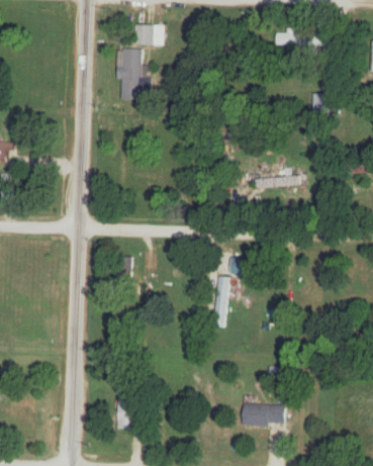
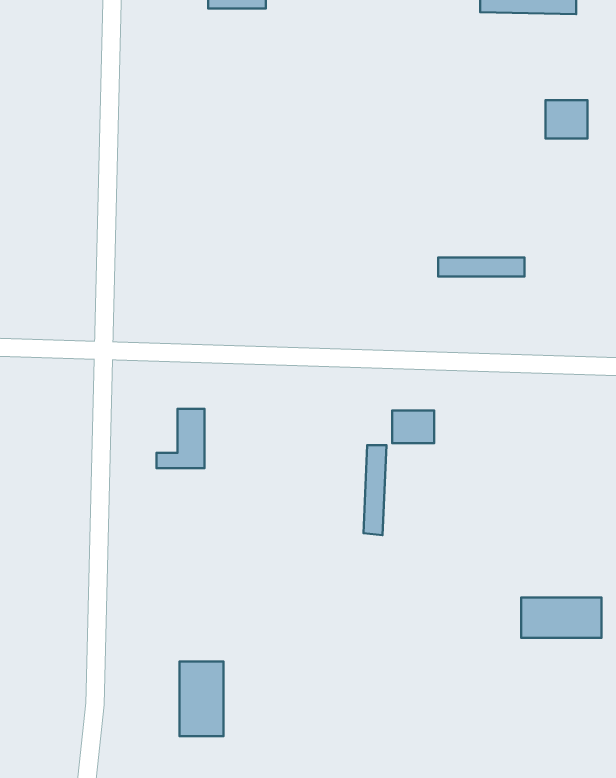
building: [119,50,141,101] -> none
building: [243,404,285,426] -> [521,598,601,638]

